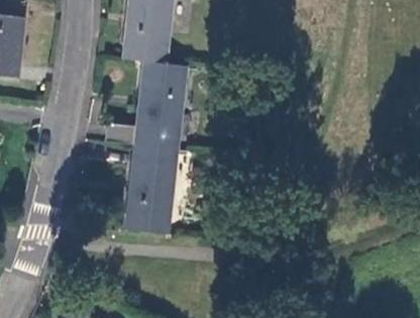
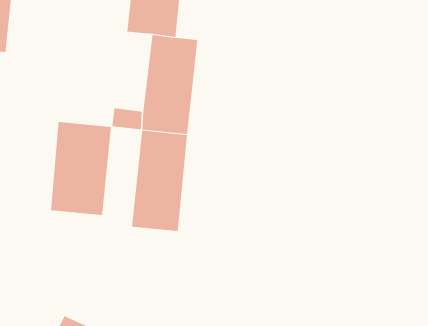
building: none -> [50,121,111,216]

